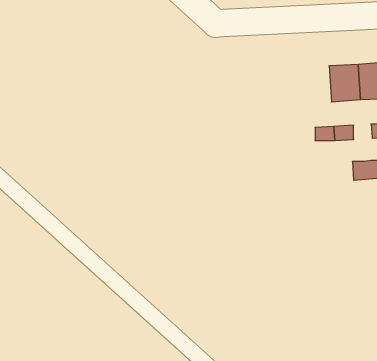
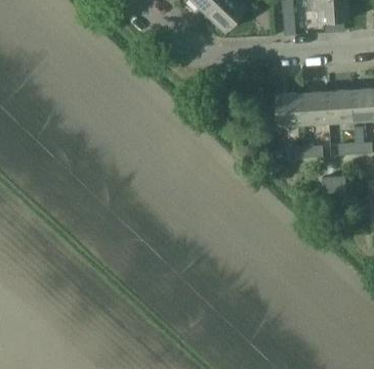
building: none -> [277,93,304,126]

